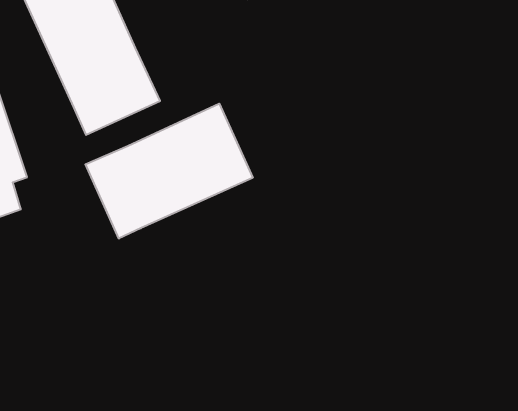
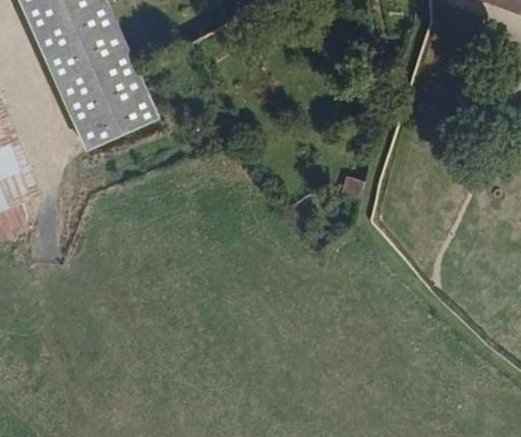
building: [85,104,253,239] -> none

